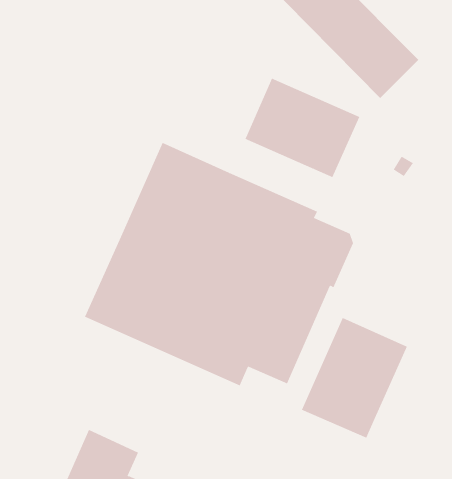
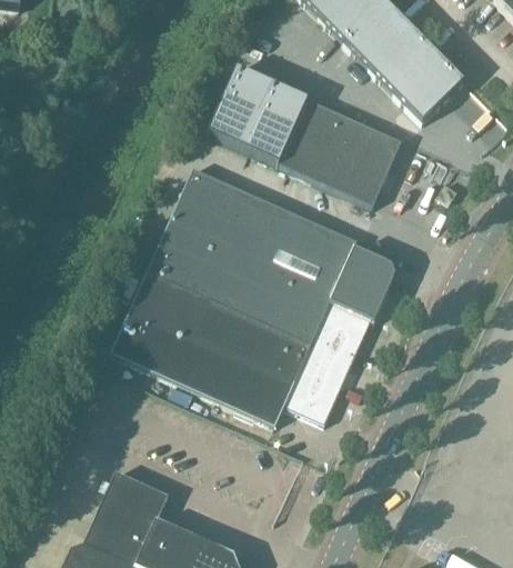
building: none -> [208,68,308,165]
building: [301,317,408,439] -> none

